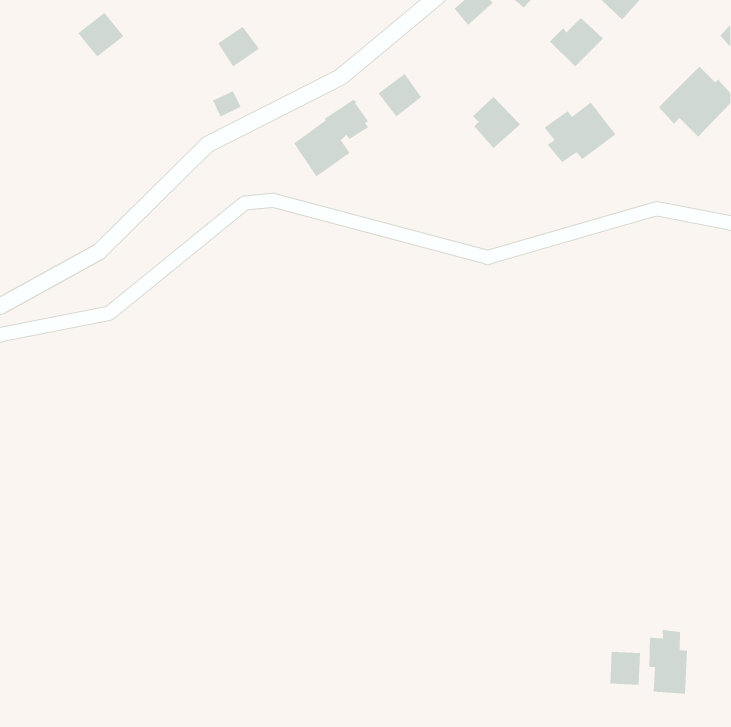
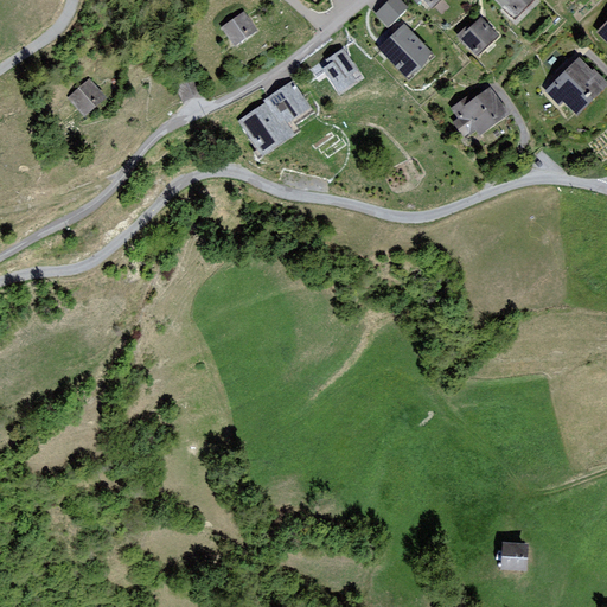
building: [77,12,124,57] -> [70,76,109,114]
building: [217,26,260,67] -> [222,11,257,45]
building: [472,96,521,149] -> [386,25,427,69]
building: [649,629,688,694] -> none

